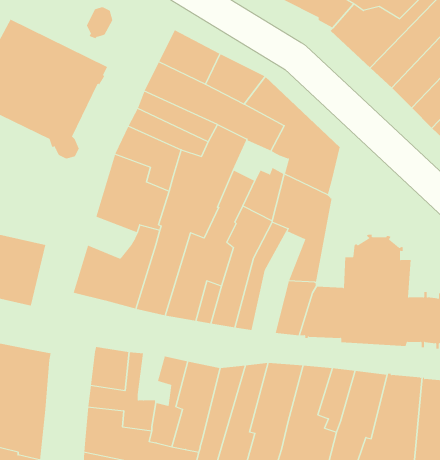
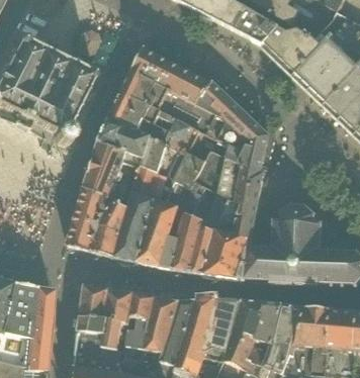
building: none -> [78,187,115,218]
building: none -> [202,198,242,275]
building: none -> [116,290,141,329]

